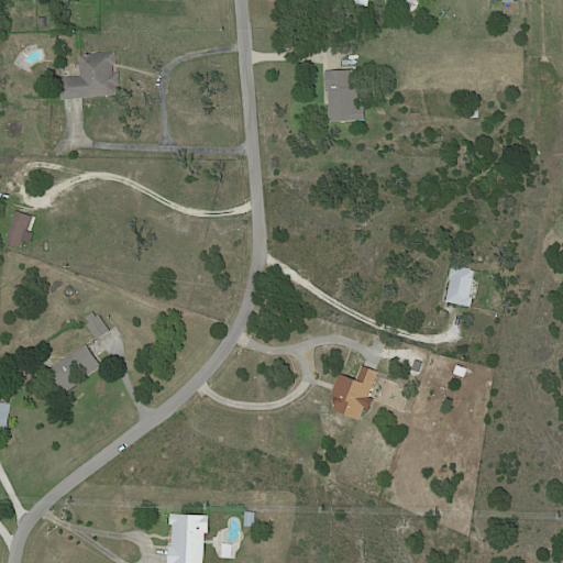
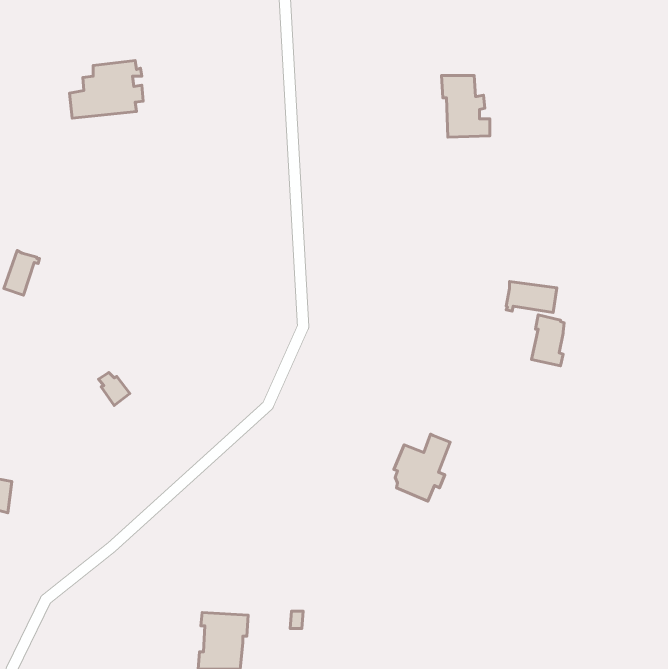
building: [323,69,364,121] -> [441,75,490,137]
building: none -> [506,282,557,312]
building: [47,343,100,383] -> none

